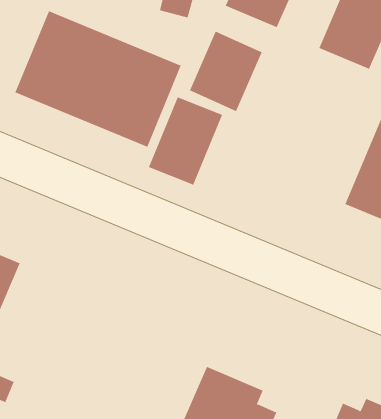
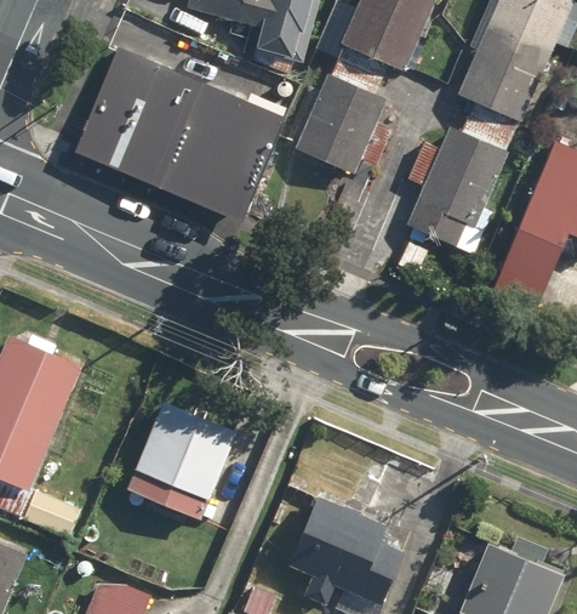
building: none -> [405,125,508,254]
building: [148,97,223,186] -> none
building: none -> [125,399,238,521]

